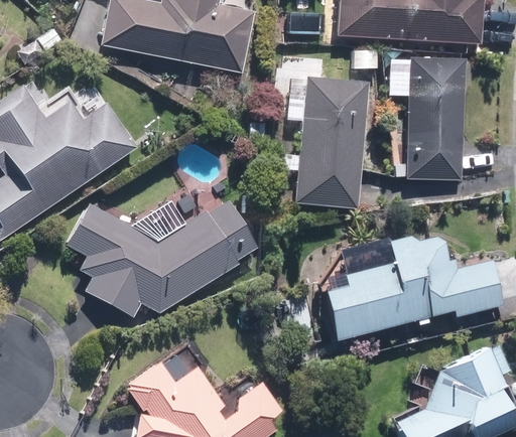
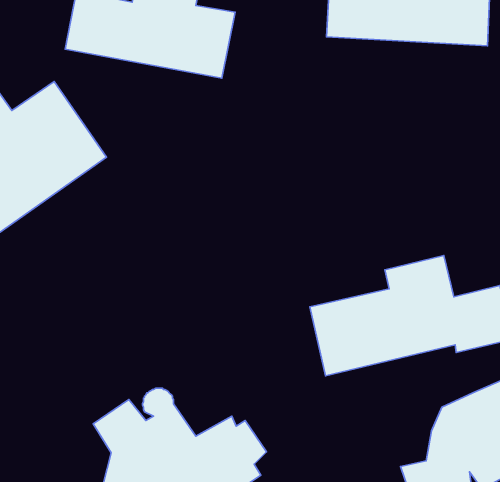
building: [389,55,467,181] -> none
building: [283,75,369,207] -> none
building: [68,198,259,316] -> none

